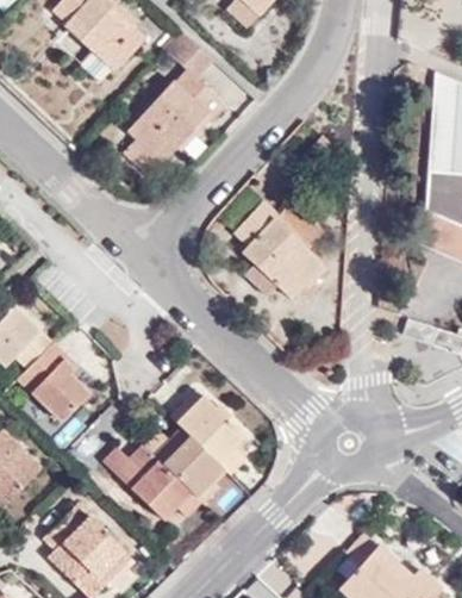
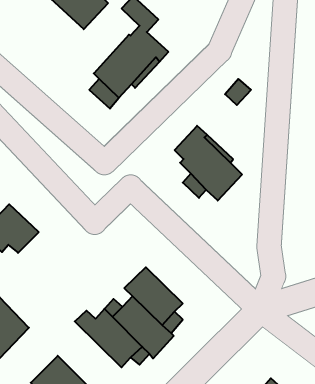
building: [18,341,92,422] -> none

